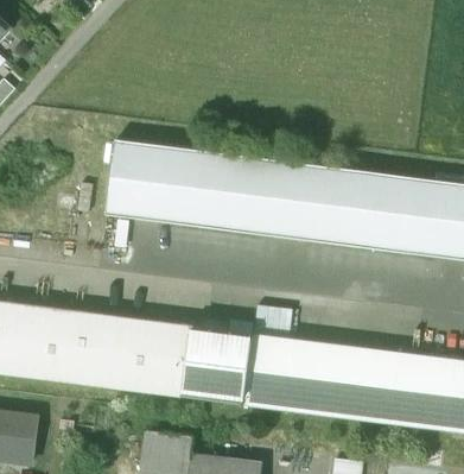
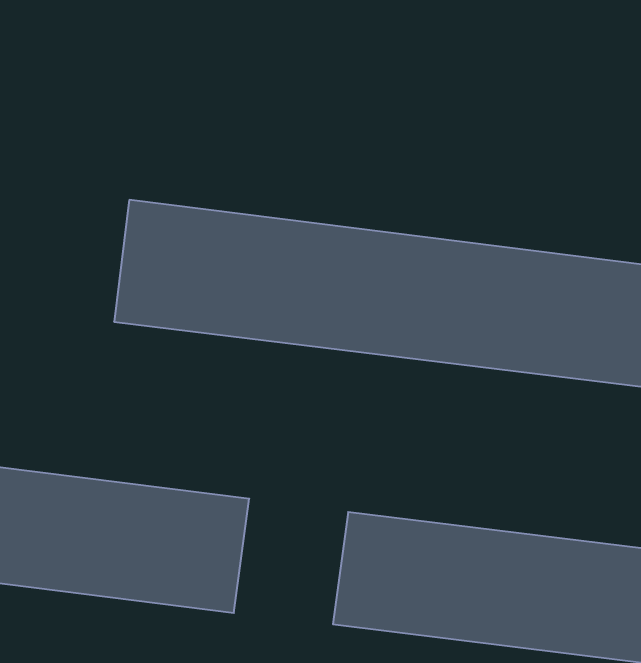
building: [180,324,252,405] -> none

